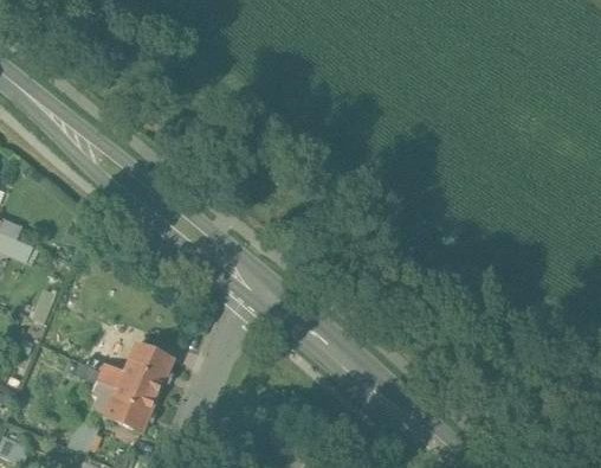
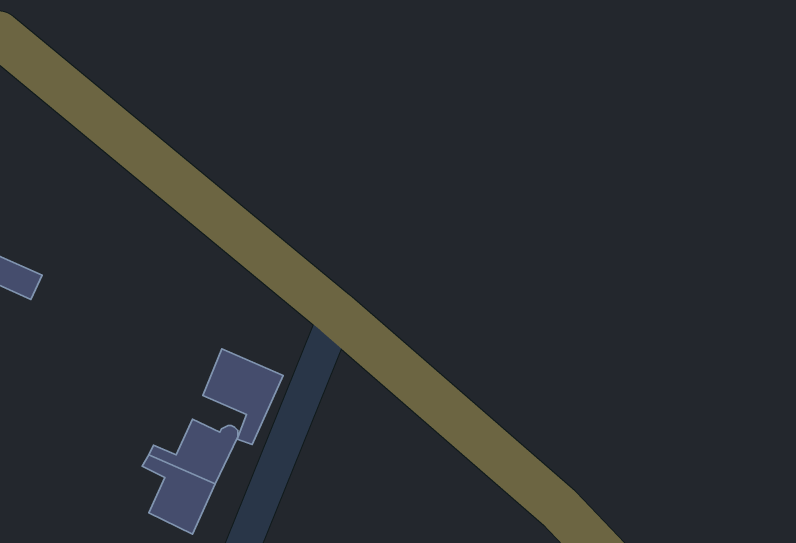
building: none -> [203,349,283,444]

